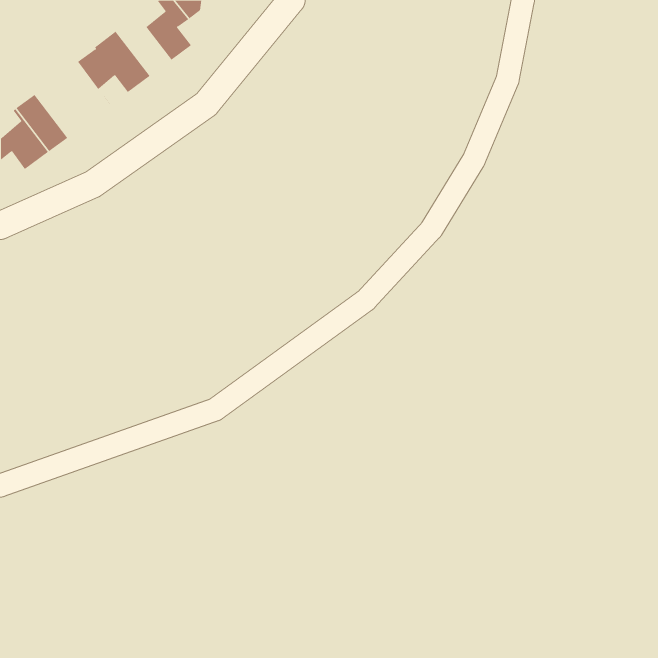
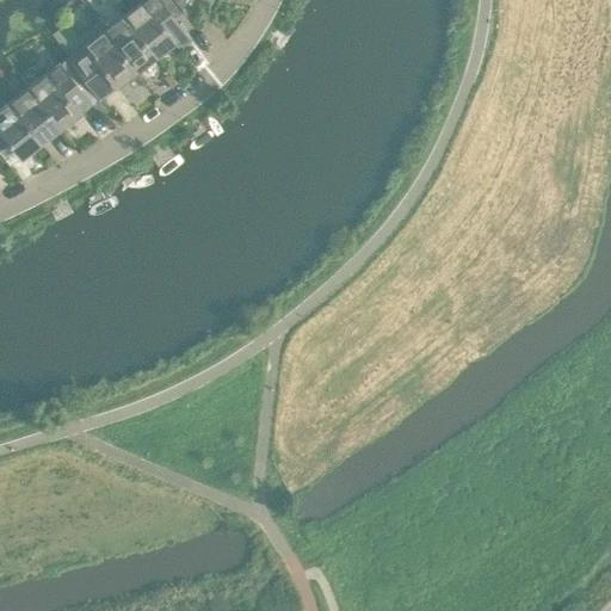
building: none -> [107,14,159,70]
building: none -> [32,64,91,128]

